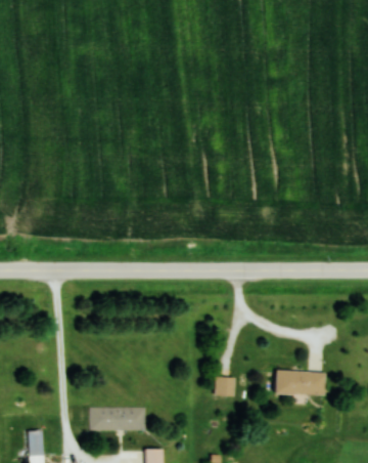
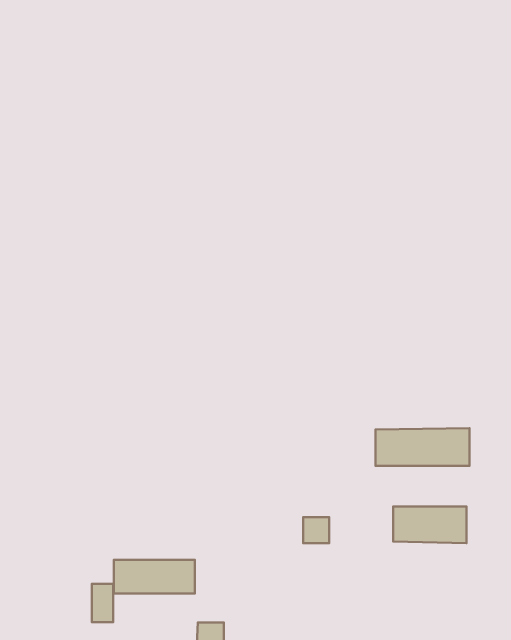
building: none -> [375,428,469,466]
building: [28,431,42,457] -> [92,584,113,622]

